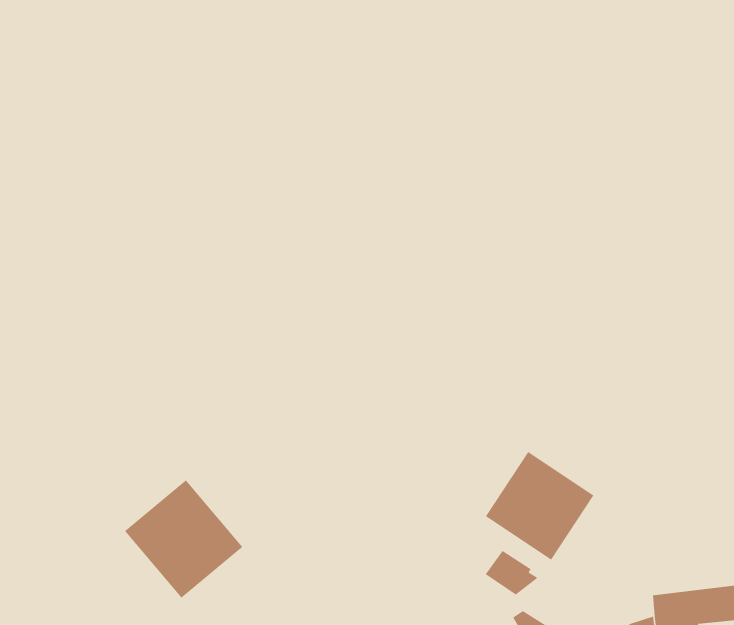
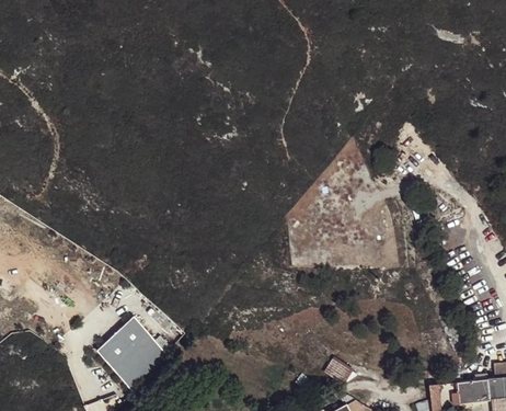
building: [485,451,594,561] -> none

